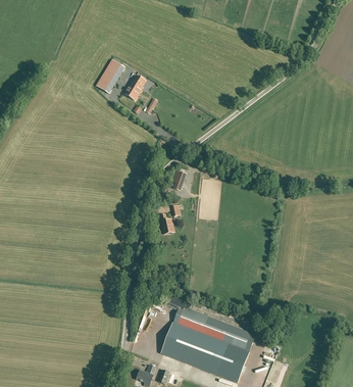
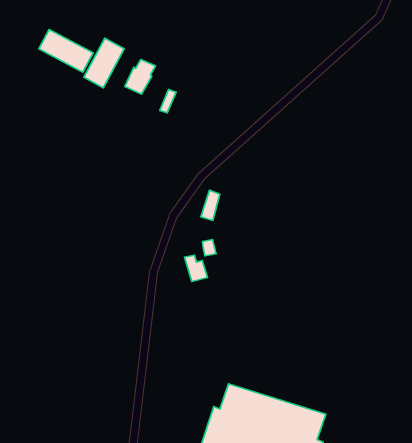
building: none -> [39,29,93,72]

